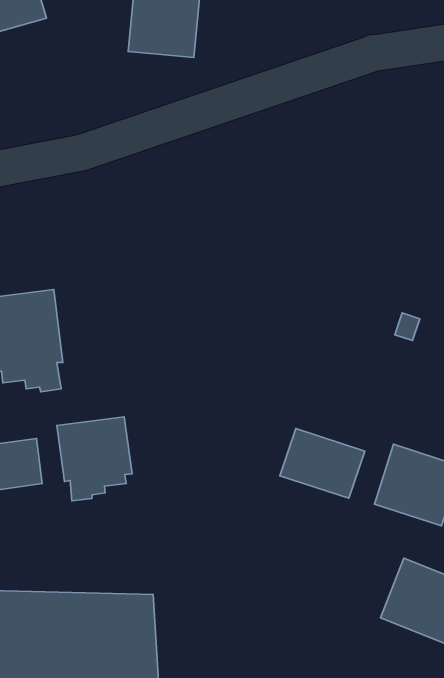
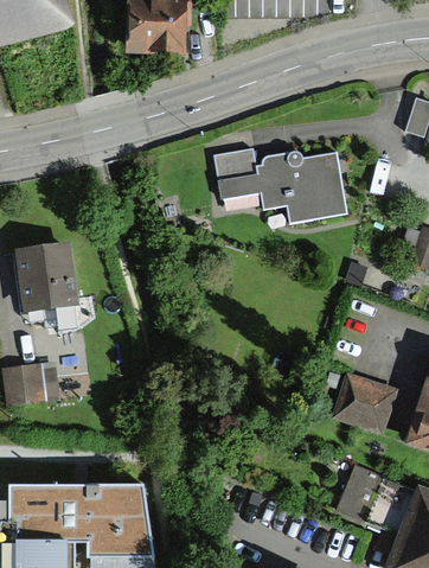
building: none -> [212,154,344,226]
building: [57,417,132,501] -> none
building: [280,429,365,498] -> none

